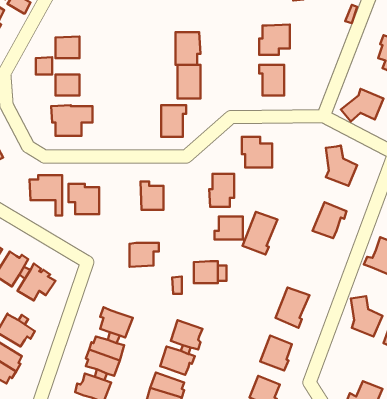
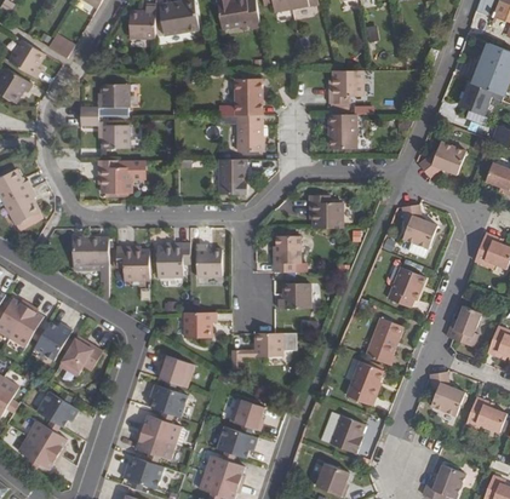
building: none -> [156,242,189,276]
building: [243,212,278,254] -> [365,317,403,365]
building: none -> [159,354,194,388]

